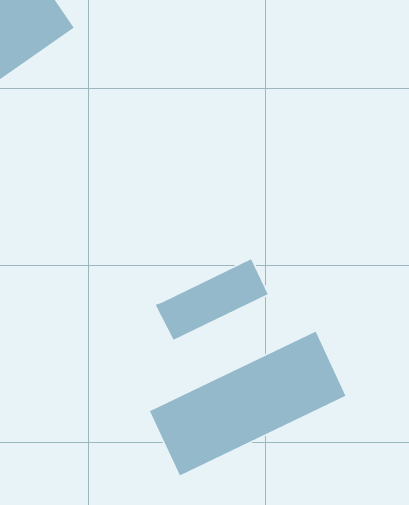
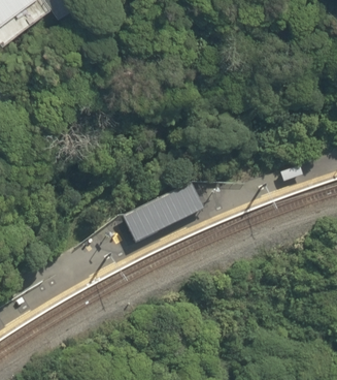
building: [149,331,347,476] -> none

